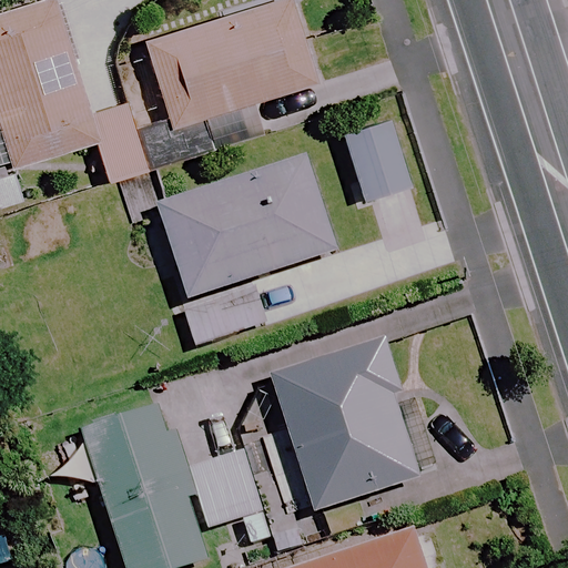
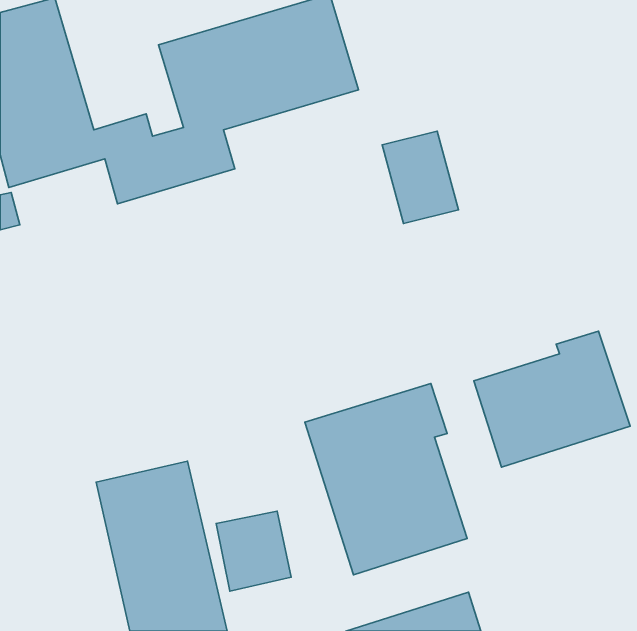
building: [159,158,338,343] -> none
building: none -> [474,331,630,467]

